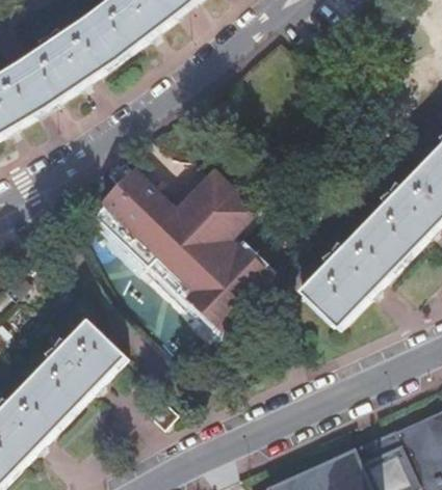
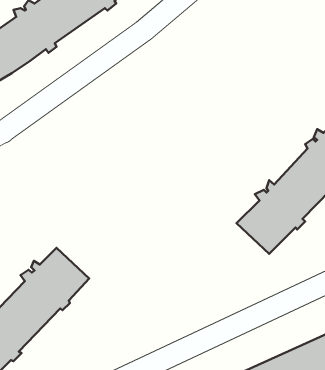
building: [89,169,264,320] -> none

